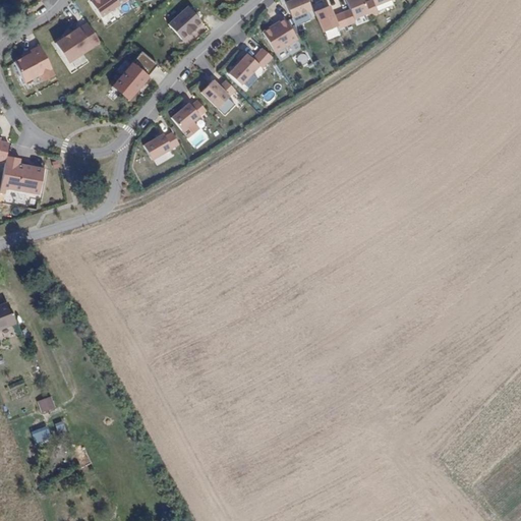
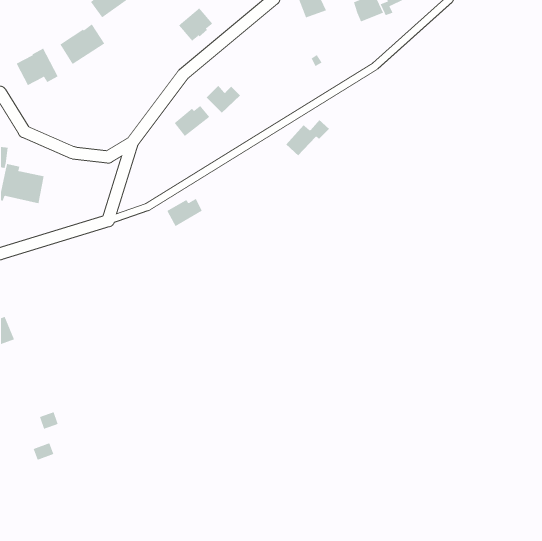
building: [316,5,348,32] -> none
building: [259,19,294,55] -> none
building: [225,50,268,85] -> [285,119,330,156]
building: [115,51,159,99] -> none
building: [139,132,174,160] -> [167,198,203,227]

